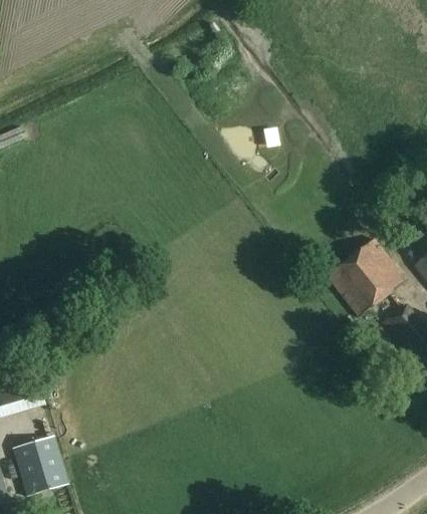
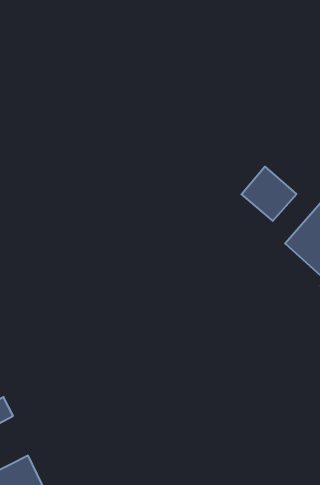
building: none -> [241,167,296,221]

